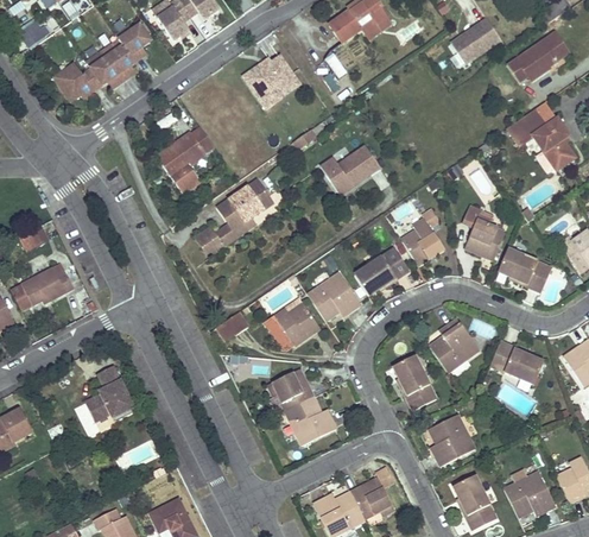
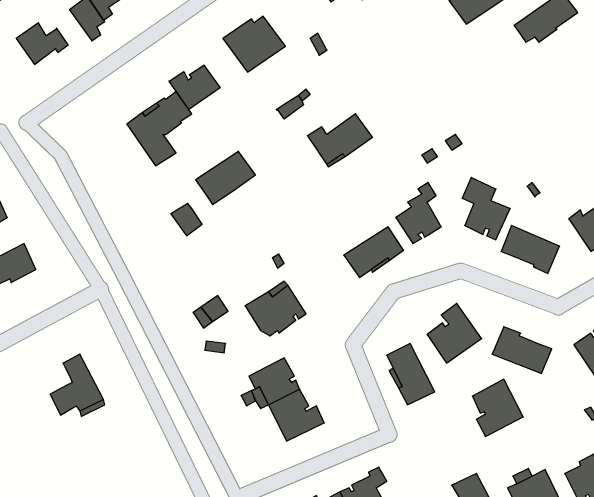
building: [87,50,124,84] -> none
building: none -> [169,65,220,109]
building: [506,108,575,168] -> none
building: [215,216,256,246] -> none
building: [308,272,361,321] -> none
building: [429,412,475,465] -> [472,379,523,436]

